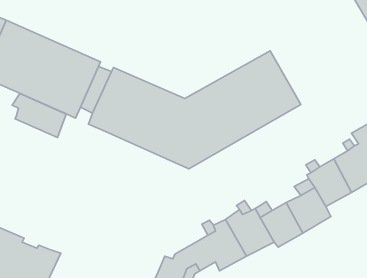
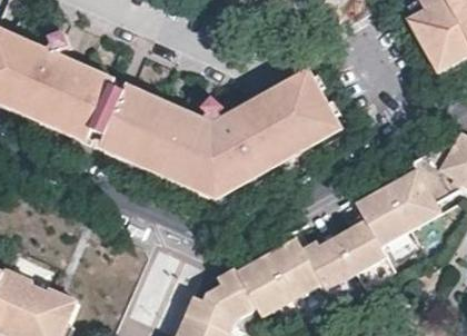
building: [12,94,66,138] -> none

